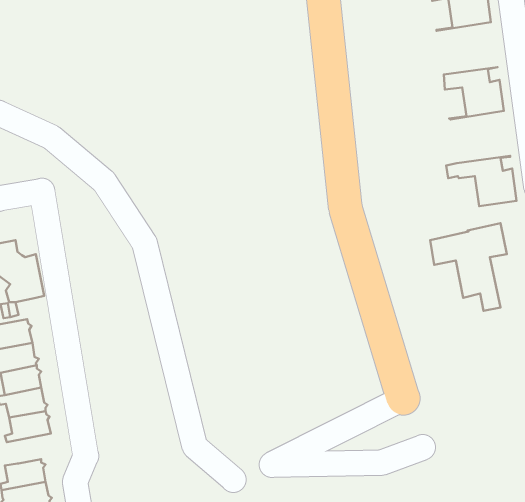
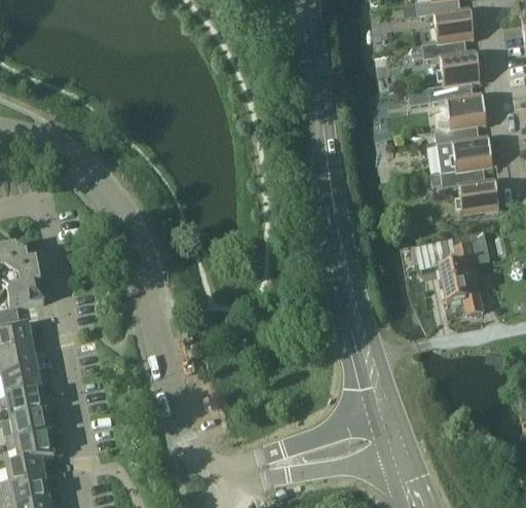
building: none -> [421,37,480,87]
building: none -> [435,122,492,173]
building: none -> [8,433,55,462]

